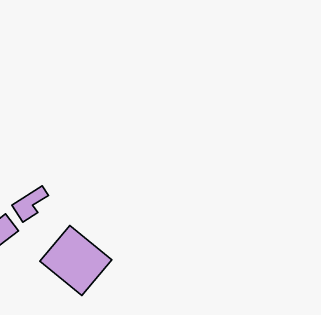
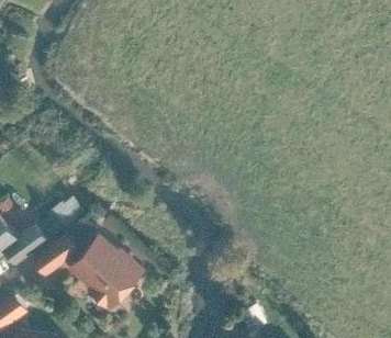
building: none -> [34,236,79,277]

